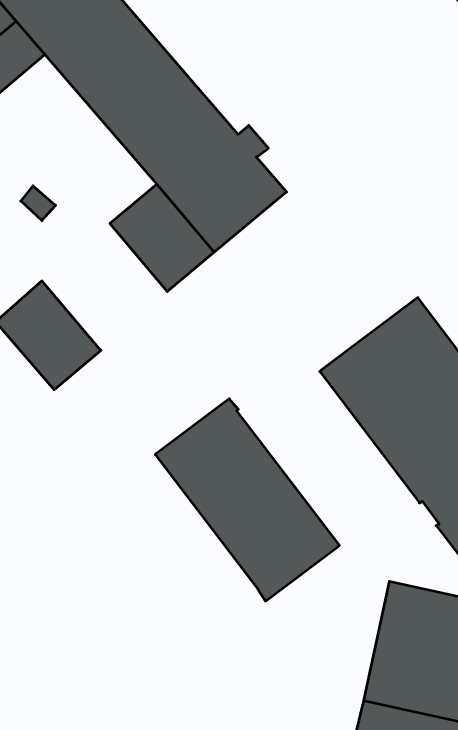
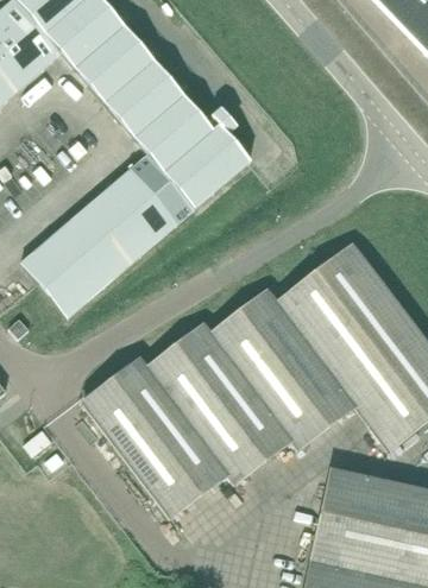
building: none -> [57,185,156,285]
building: none -> [210,289,354,448]
building: none -> [82,358,227,517]

